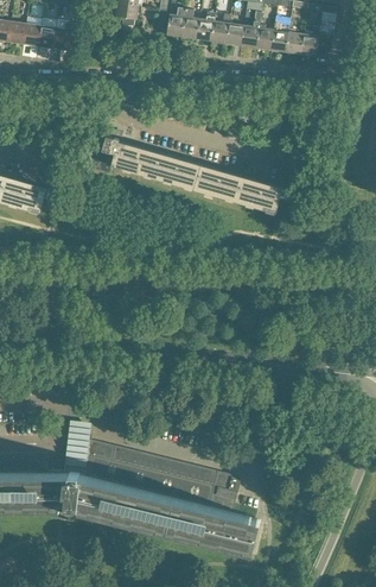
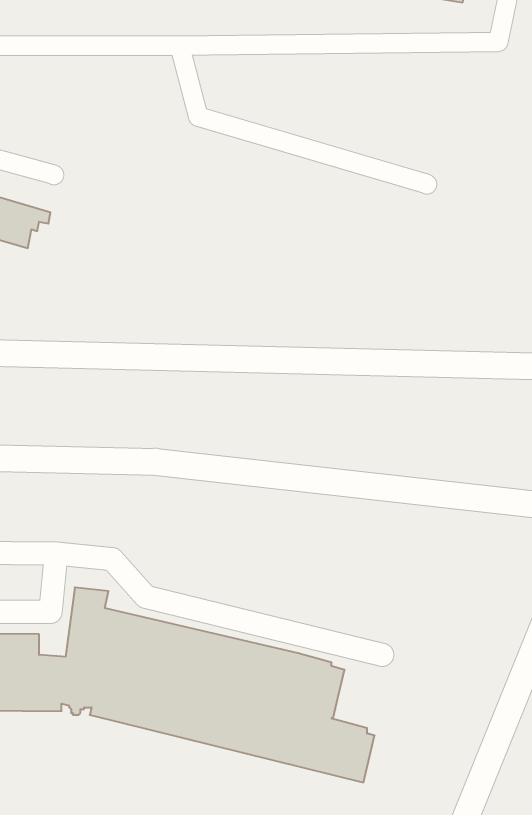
building: [87,132,291,214] -> none

